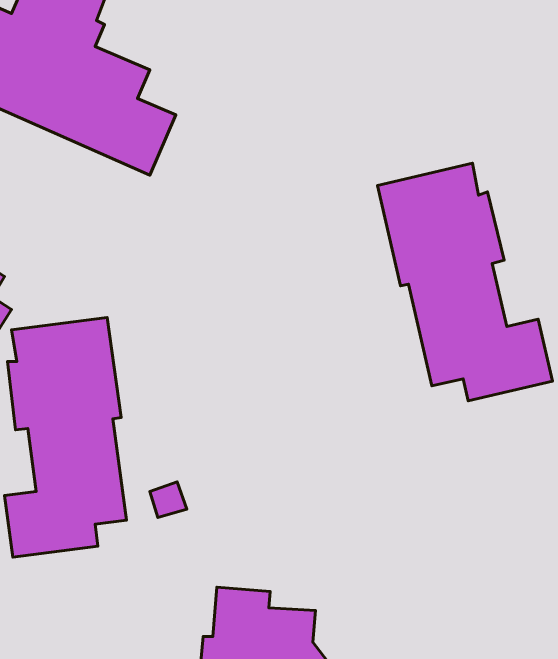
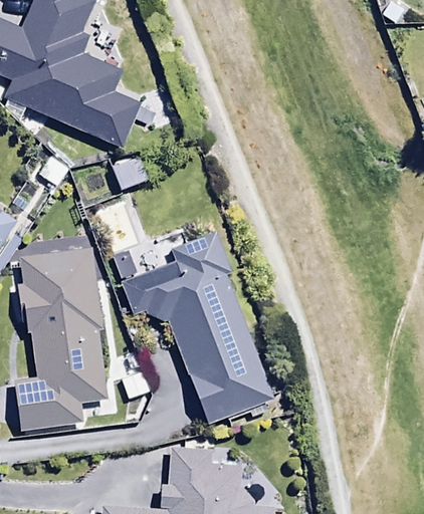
building: [378,163,552,401] -> none
building: none -> [124,234,270,422]

